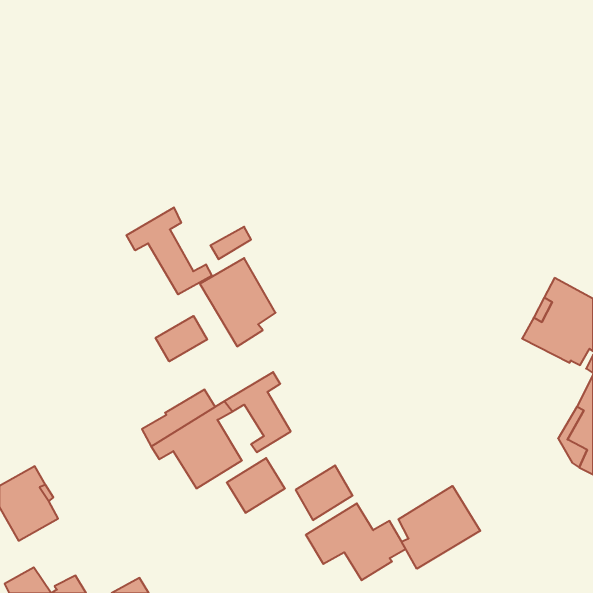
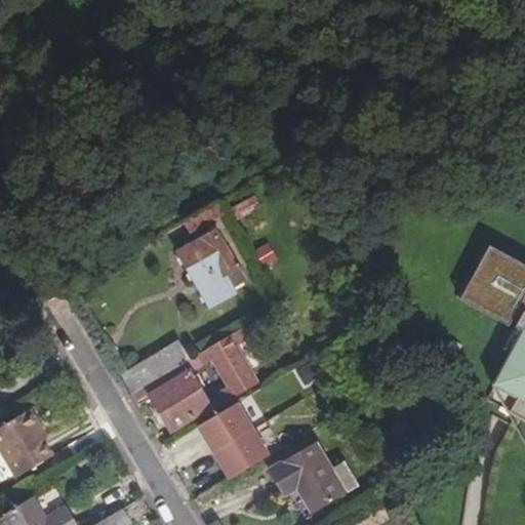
building: [126,207,212,294] -> none
building: [156,316,207,361] -> none
building: [296,465,353,520] -> [216,431,267,479]
building: [398,486,480,569] -> none

